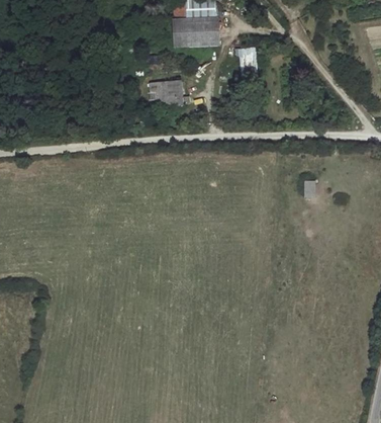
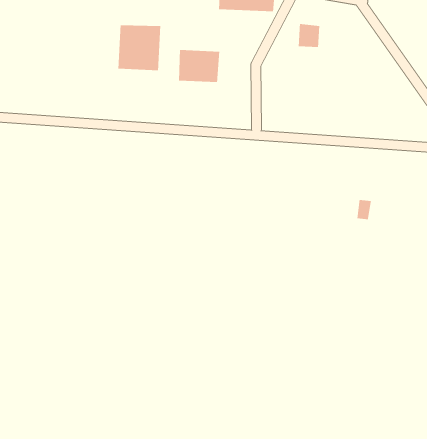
building: none -> [117,24,161,71]

